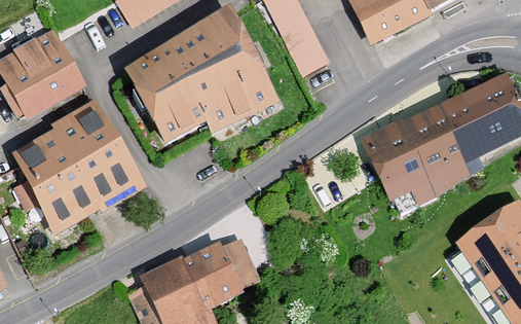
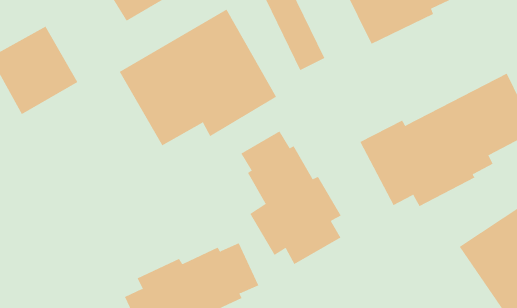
building: [13,99,141,228] -> none
building: none -> [241,130,341,265]

